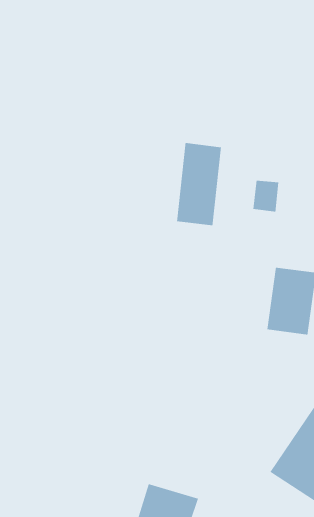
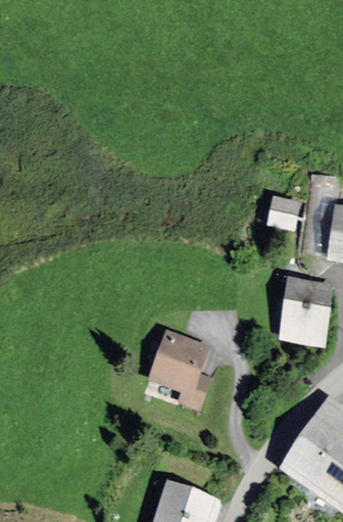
building: [177,142,221,226] -> none
building: none -> [149,329,204,406]

